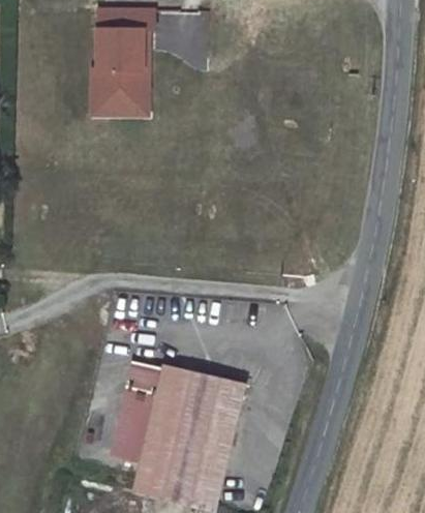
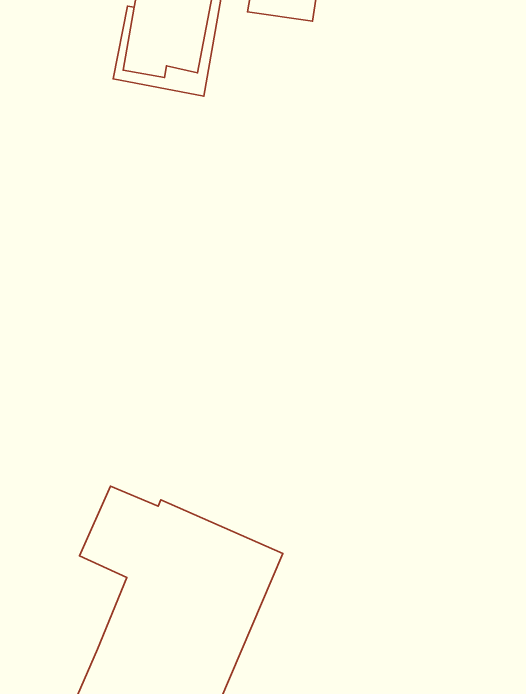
building: [111,406,153,461] -> none

